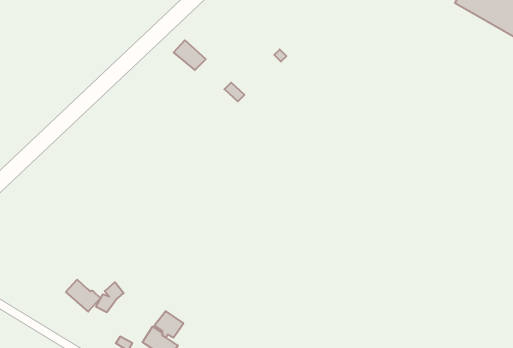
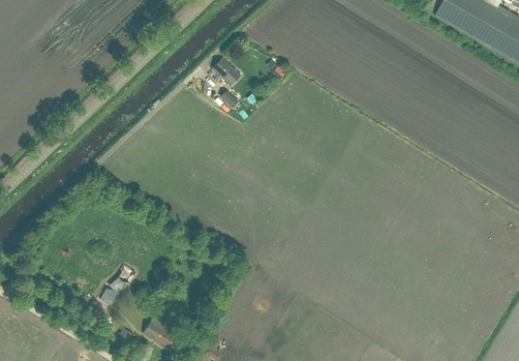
building: [174,40,206,70] -> [212,57,242,85]
building: [66,280,101,312] -> none

